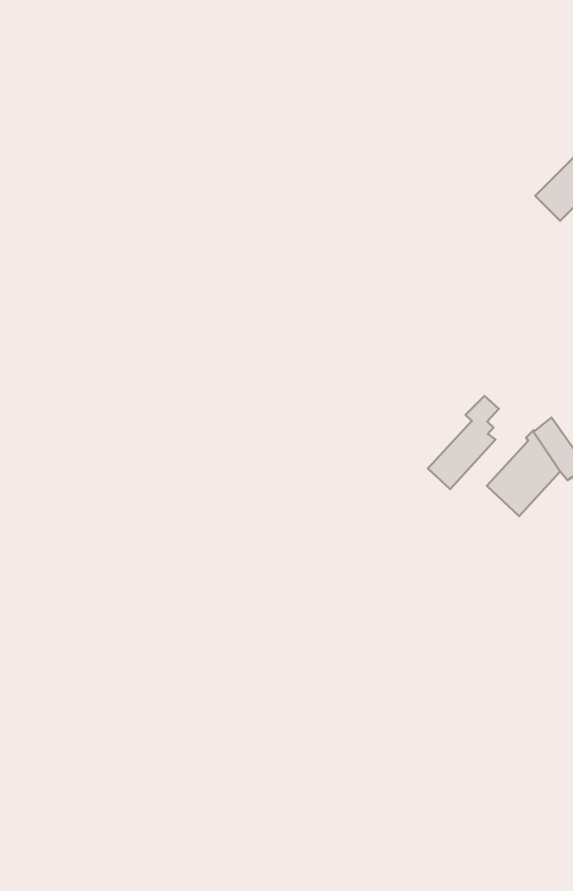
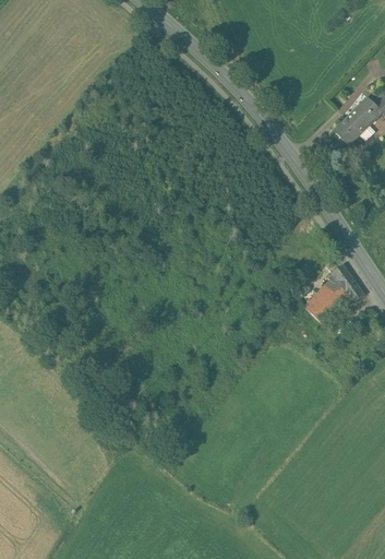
building: [428,396,499,489] -> none

